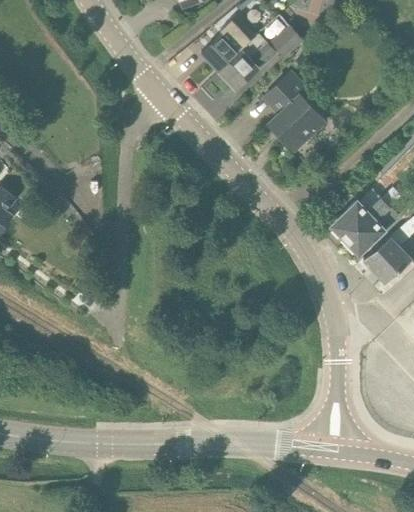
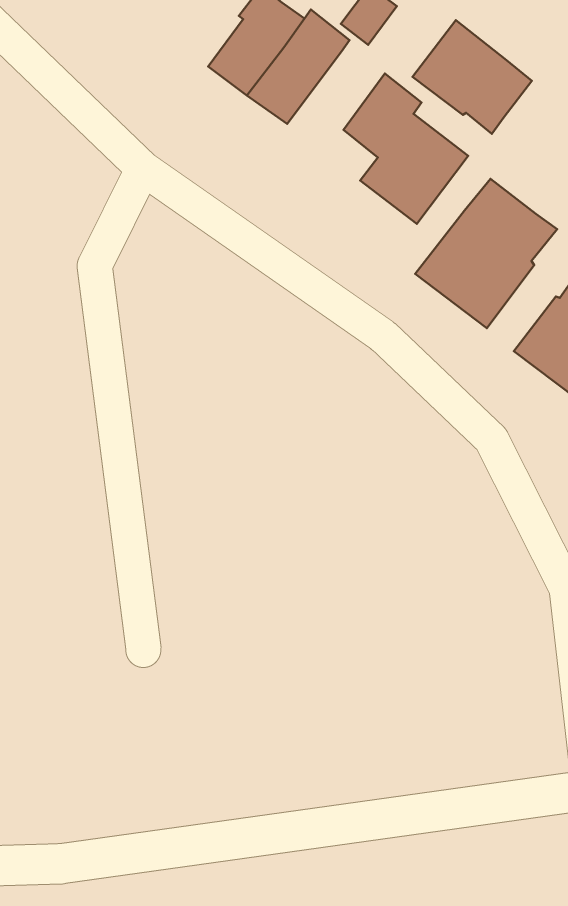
building: none -> [412,20,532,134]
building: none -> [415,179,557,328]

